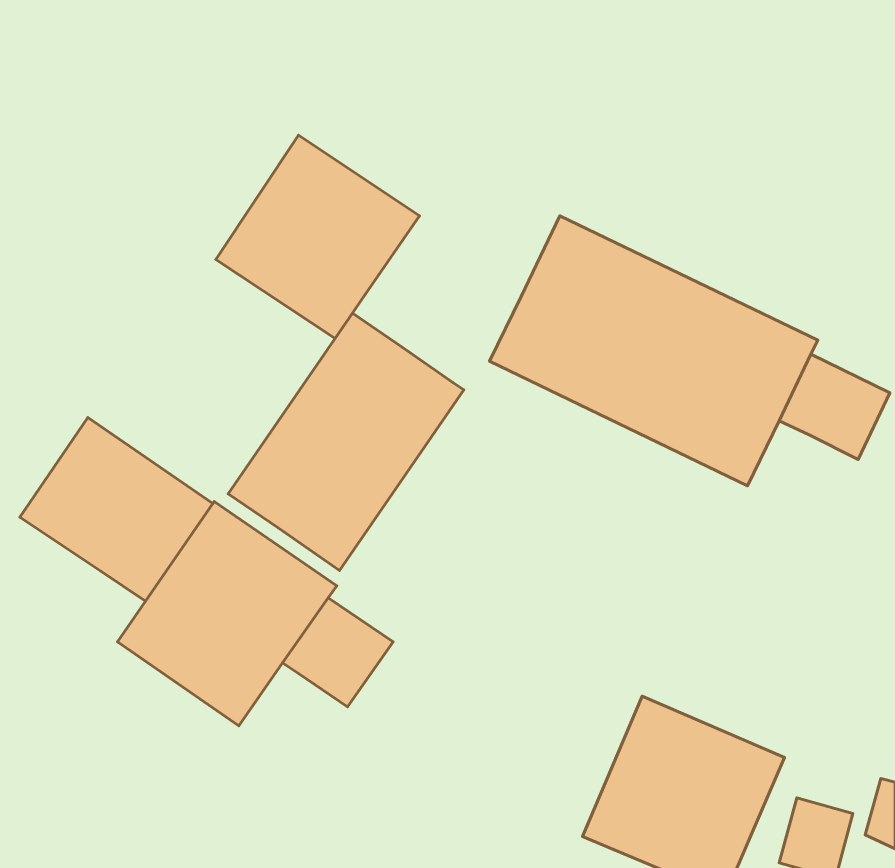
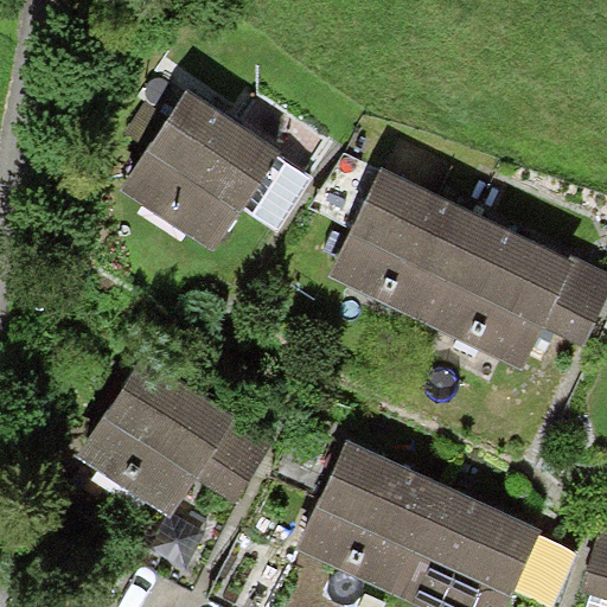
building: [228,313,464,570] -> none
building: [20,418,213,601] -> none
building: none -> [300,451,434,584]

